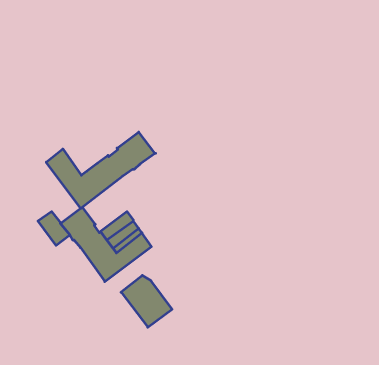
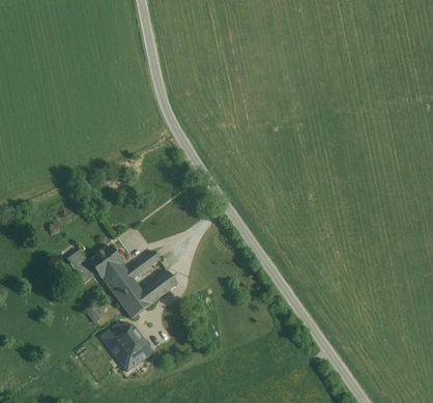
building: [46,132,156,208] -> none
building: [121,275,172,327] -> [102,319,151,370]

